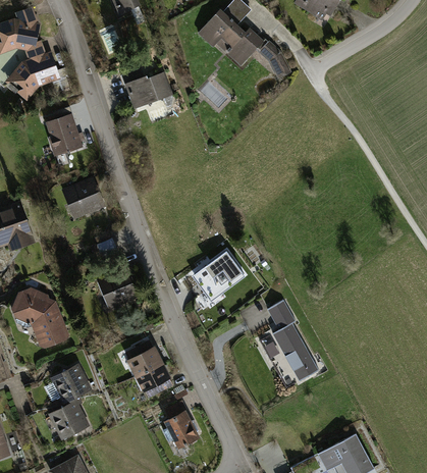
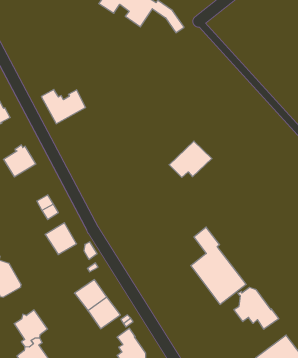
building: [122,69,170,108] -> [41,89,86,124]
building: [194,253,243,293] -> [169,141,212,177]
building: none -> [234,287,279,329]

